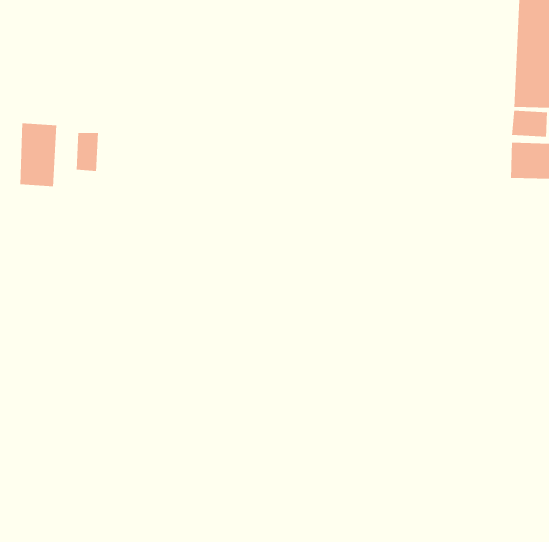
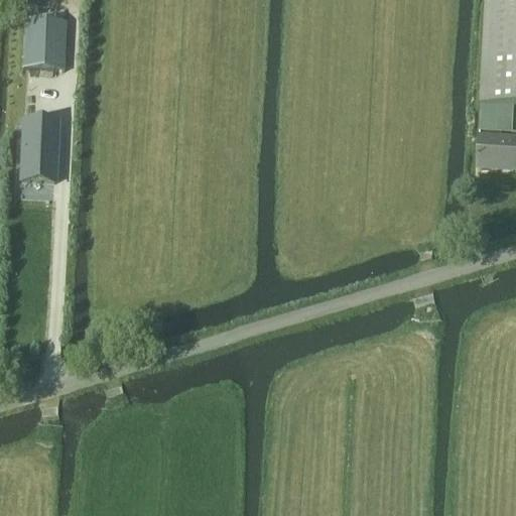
building: none -> [23,13,66,67]
building: [76,132,99,172] -> none

